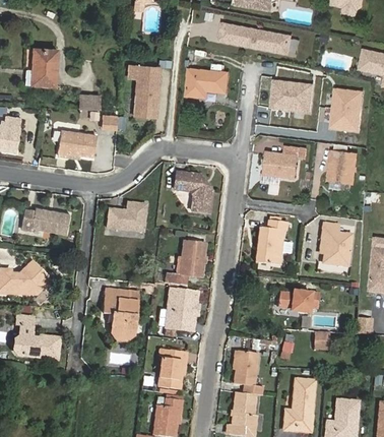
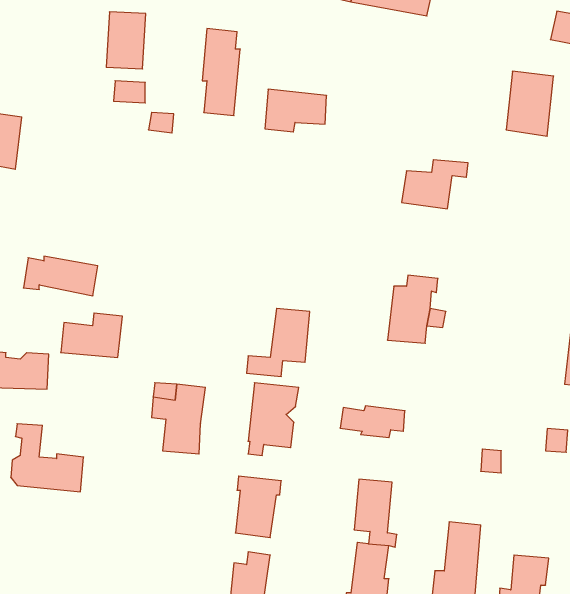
building: [31,48,57,84] -> [106,12,146,69]
building: [187,69,227,97] -> [265,89,327,132]
building: [271,80,313,111] -> none
building: [58,129,95,157] -> none
building: [328,150,357,183] -> none
building: [175,172,212,211] -> none
building: [106,201,145,230] -> [61,313,122,357]
building: [322,223,351,264] -> none
building: [277,291,319,311] -> [340,406,405,438]

